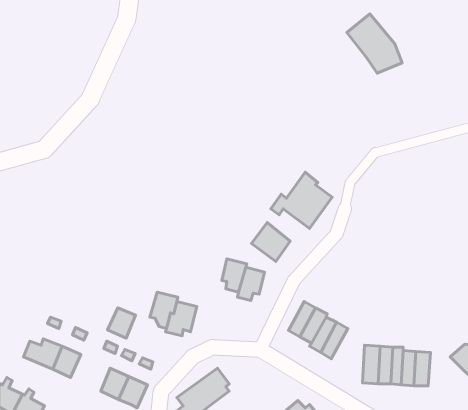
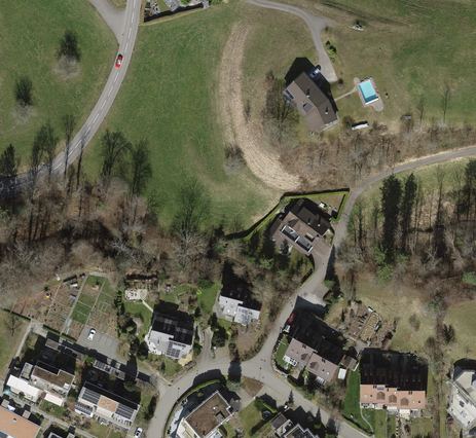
building: [347,14,402,73] -> [276,67,330,125]
building: [251,223,290,261] -> none
building: [107,308,136,338] -> [81,385,109,414]

